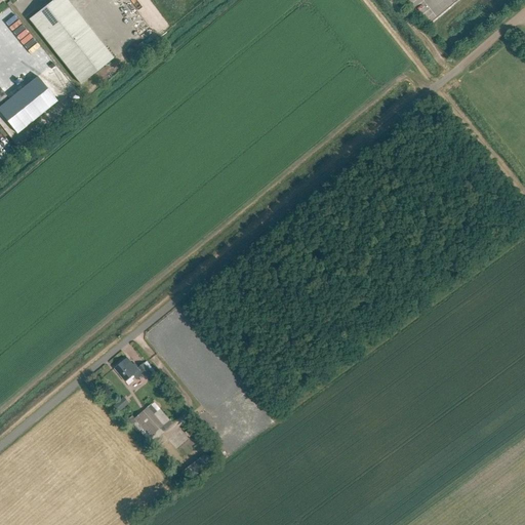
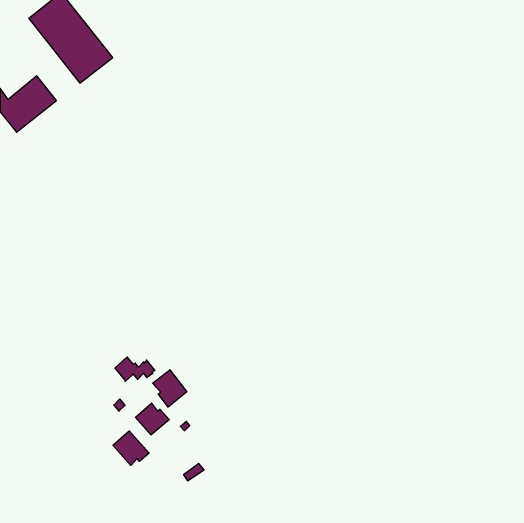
building: none -> [153,370,187,407]
building: none -> [113,431,149,465]

